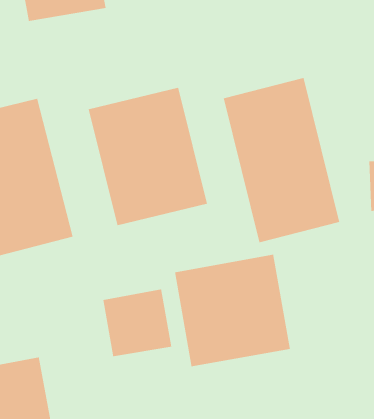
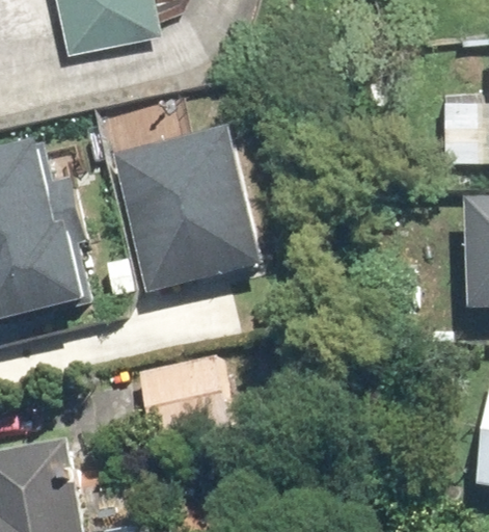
building: [223,77,340,243] -> none
building: [174,254,290,367] -> none

